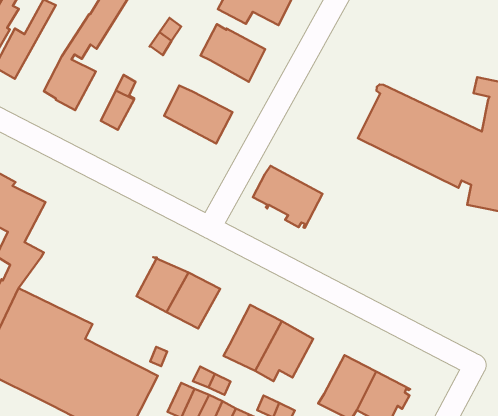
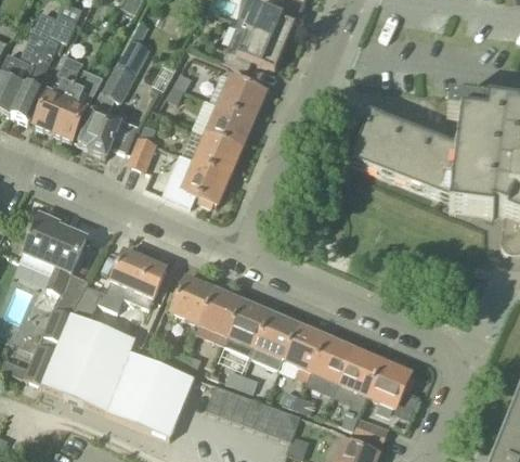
building: none -> [52,66,93,141]
building: none -> [206,103,253,146]
building: [253,166,322,228] -> [170,154,230,205]
building: none -> [69,249,167,320]
building: none -> [226,299,270,347]
building: none -> [311,336,354,383]

